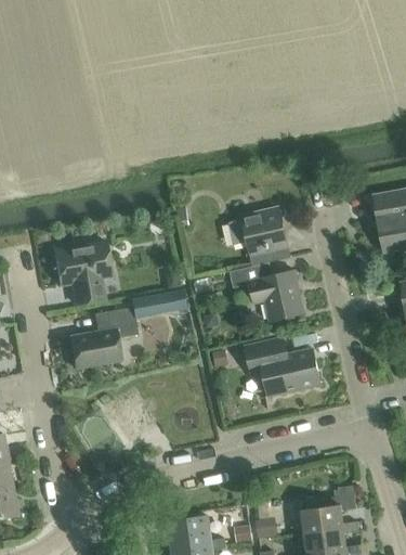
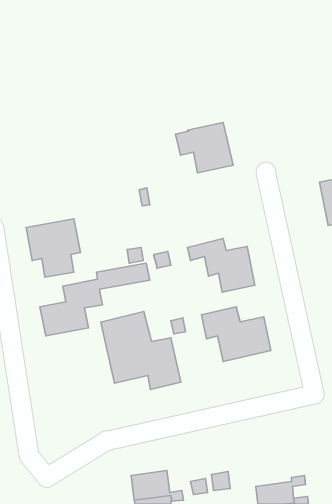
building: [228,210,291,266] -> [176,122,233,173]
building: none -> [101,311,181,390]
building: [302,486,357,533] -> none

